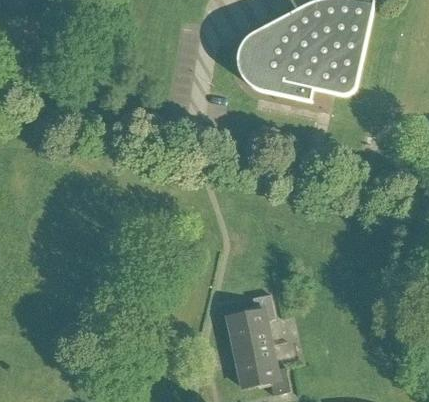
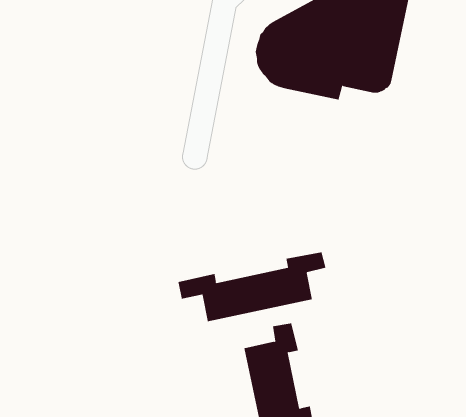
building: none -> [178,252,326,322]

